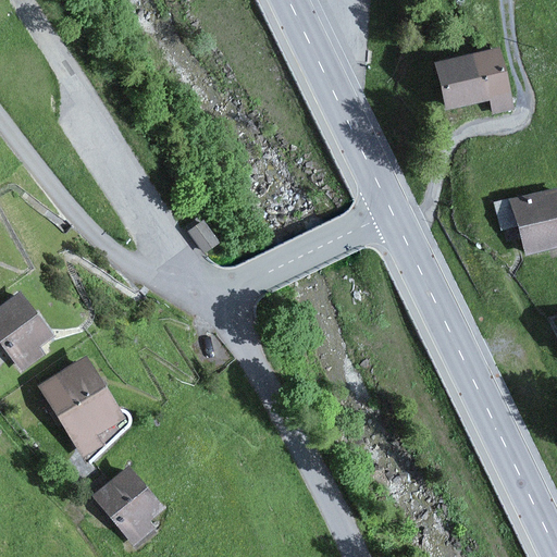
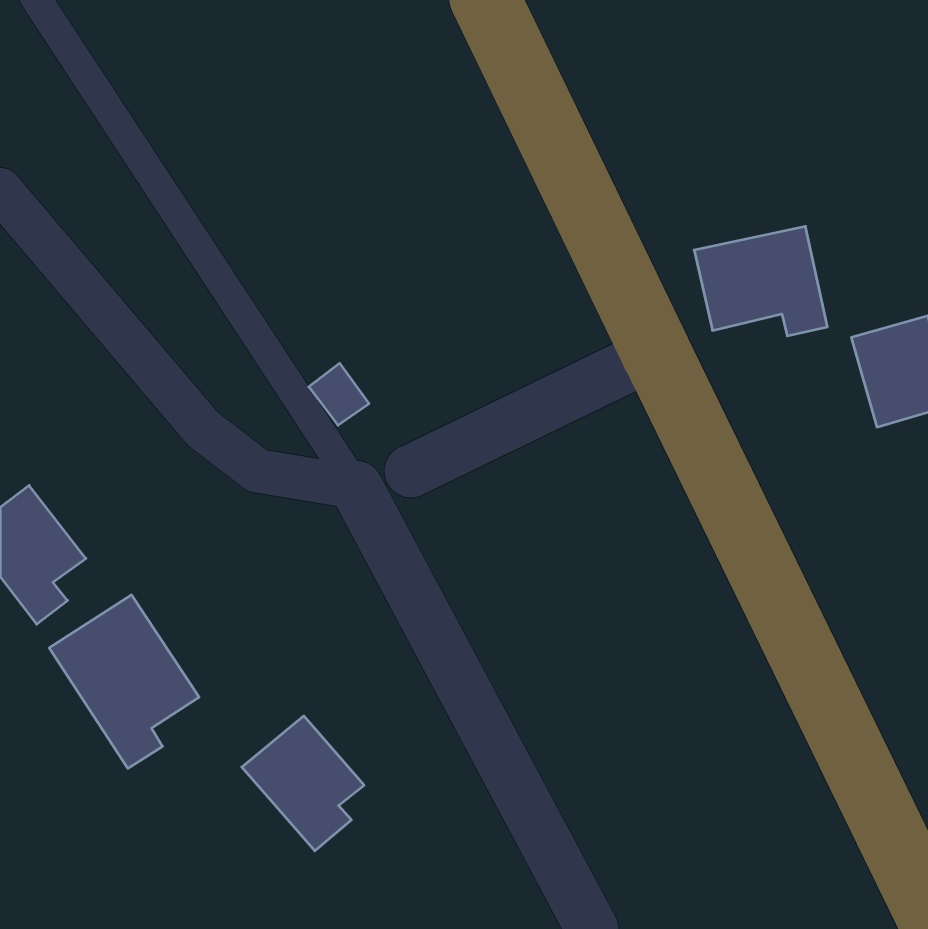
building: [436,48,516,113] -> [694,226,827,336]
building: [92,465,165,545] -> [242,716,364,851]

